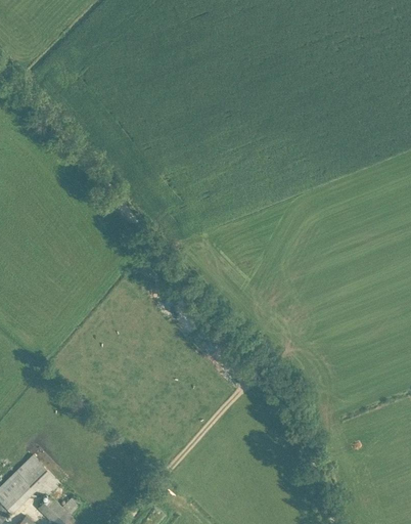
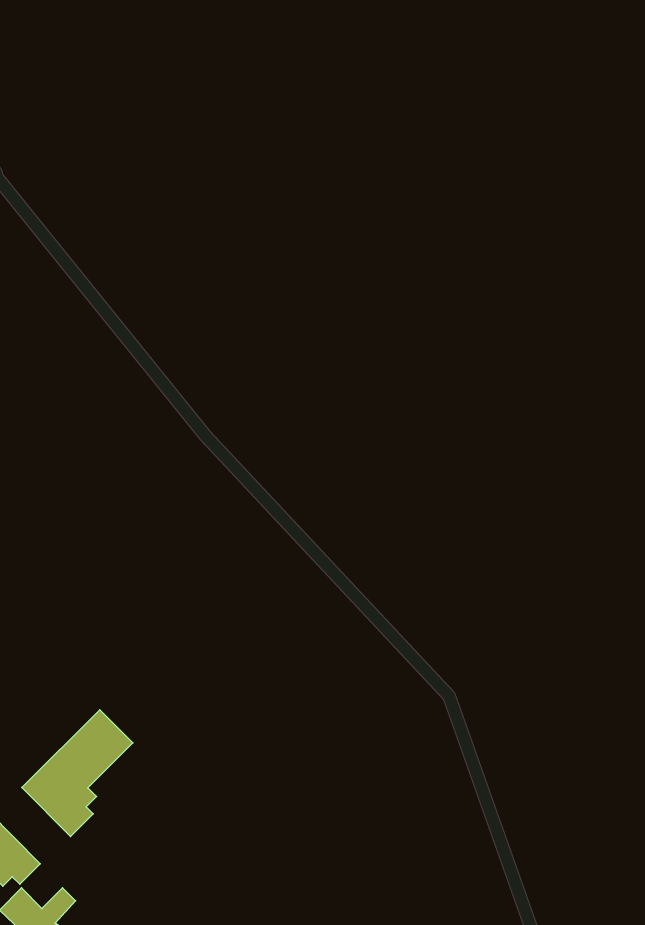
building: none -> [22,710,133,836]

